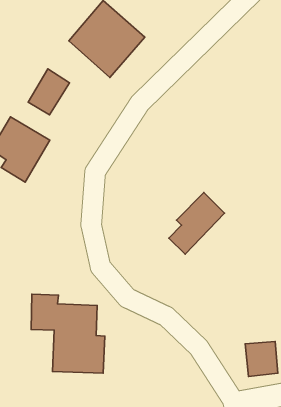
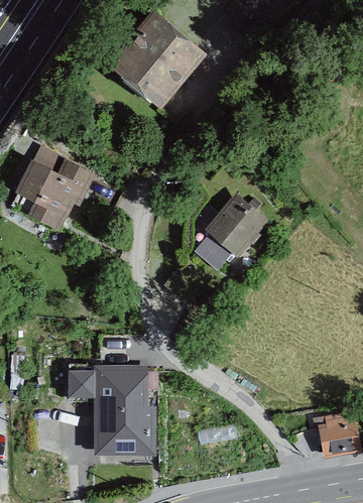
building: [28,69,69,115] -> none
building: [169,193,224,254] -> [198,197,263,269]

